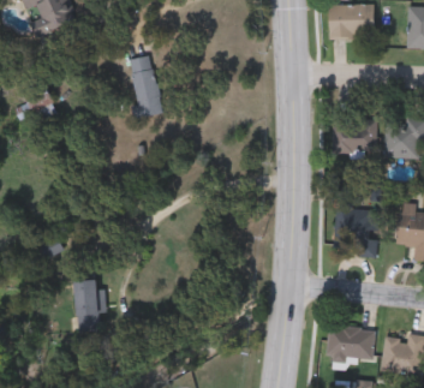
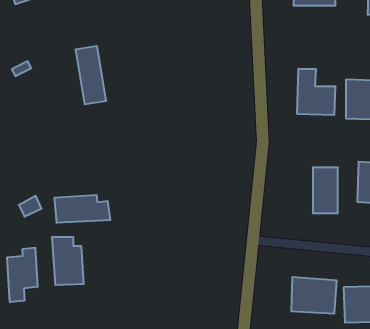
building: [131,58,163,119] -> [75,46,106,104]
building: none -> [55,195,110,223]
building: none -> [7,248,38,302]

